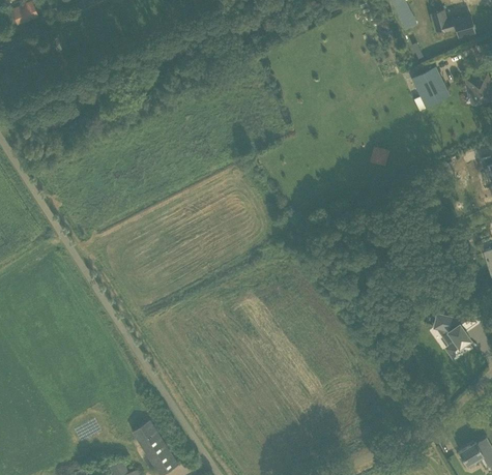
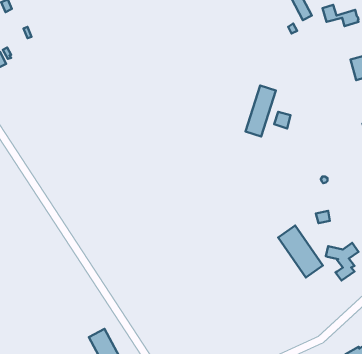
building: [410,66,450,109] -> none
building: none -> [246,86,276,136]
building: none -> [278,226,323,277]

